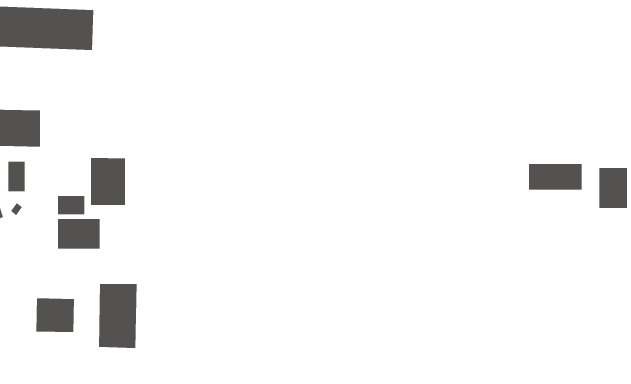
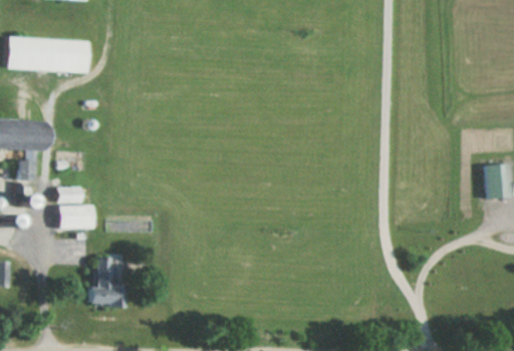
building: [91,157,126,206] -> none
building: [528,163,582,191] -> none
building: [36,298,74,333] -> none

